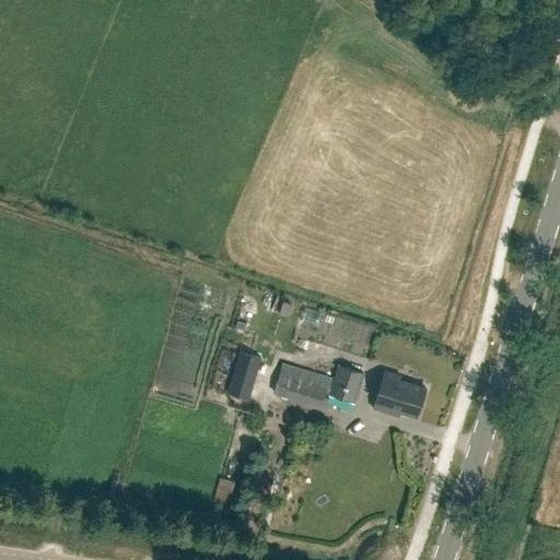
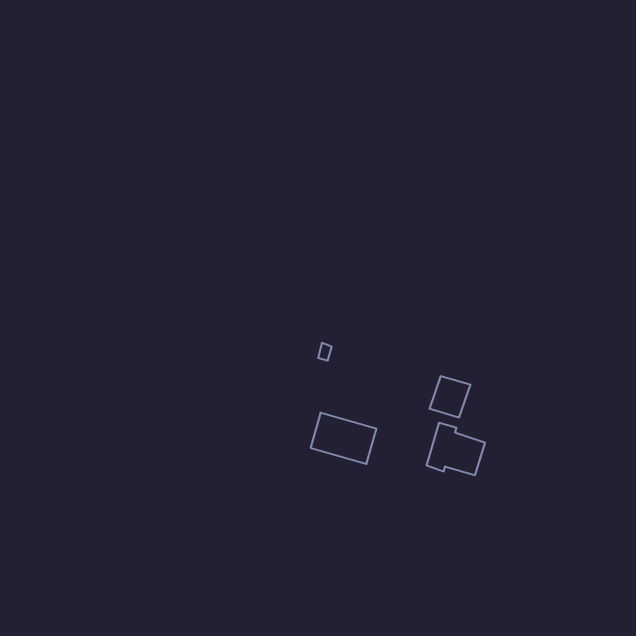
building: [228,351,262,401] -> none
building: [329,366,365,402] -> [429,376,471,417]

